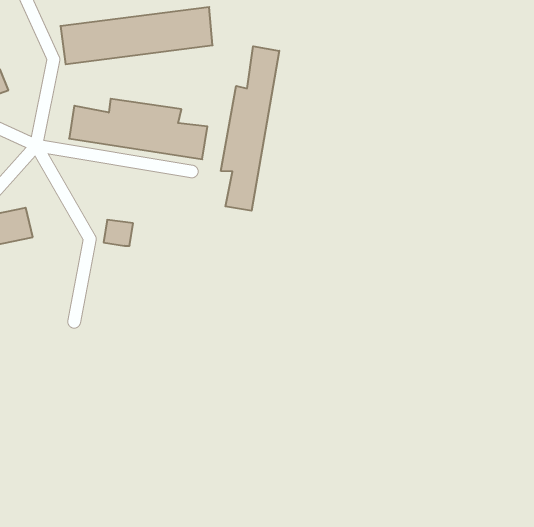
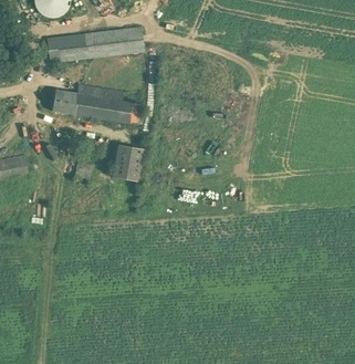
building: [221,46,279,211] -> none
building: none -> [111,145,143,183]

